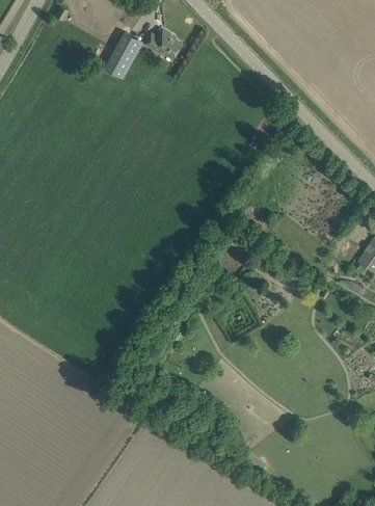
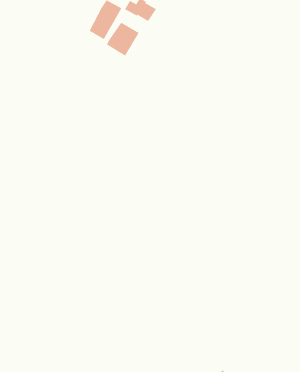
building: none -> [106,22,140,57]

